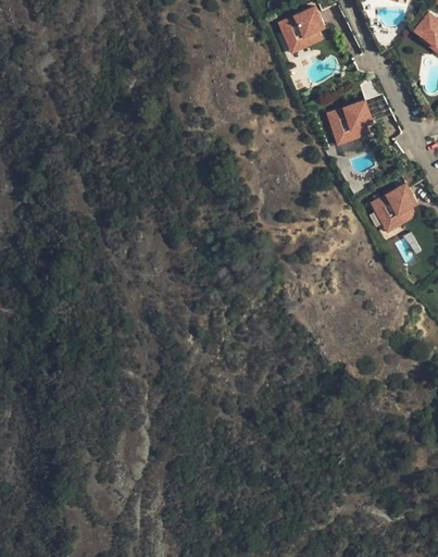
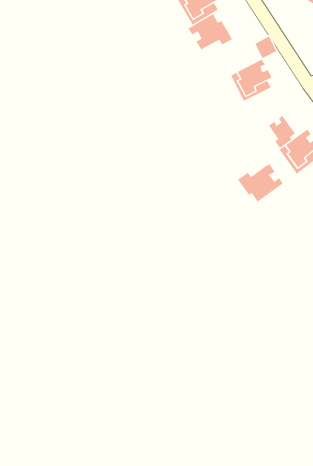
building: none -> [188,13,233,50]
building: none -> [268,115,296,149]
building: none -> [237,164,284,202]

